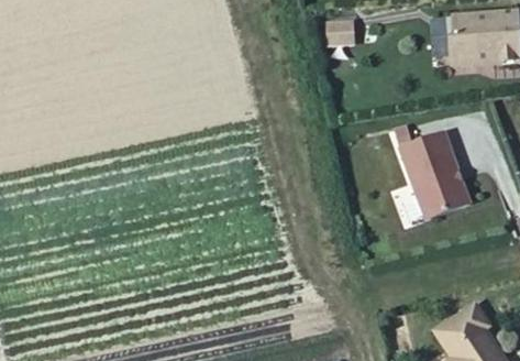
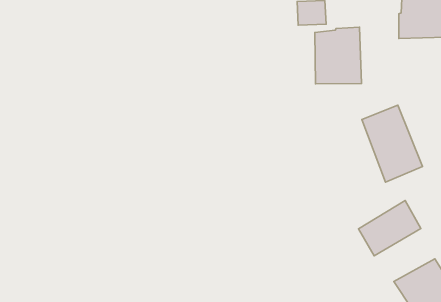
building: none -> [315,27,362,84]
building: none -> [359,201,421,256]

